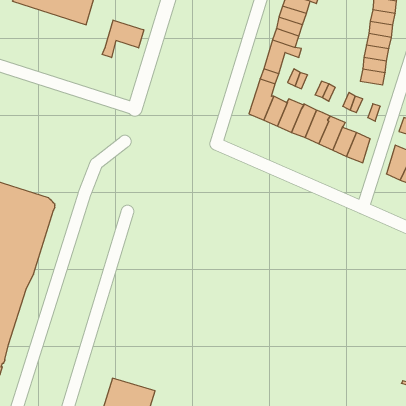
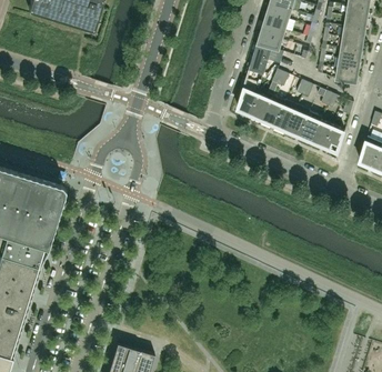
building: [102,20,144,58] -> none

